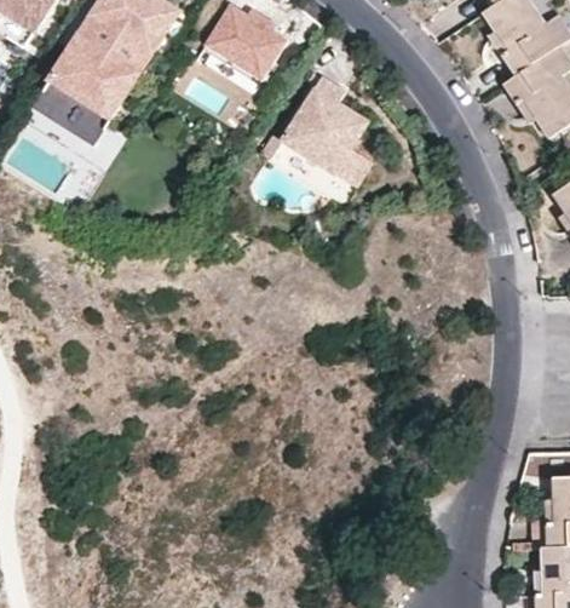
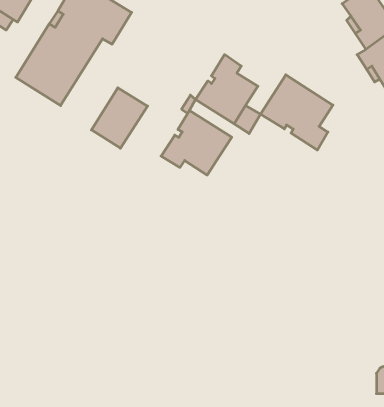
building: [211,12,288,96] -> [91,88,148,148]
building: none -> [261,75,333,150]
building: none -> [161,110,232,175]

